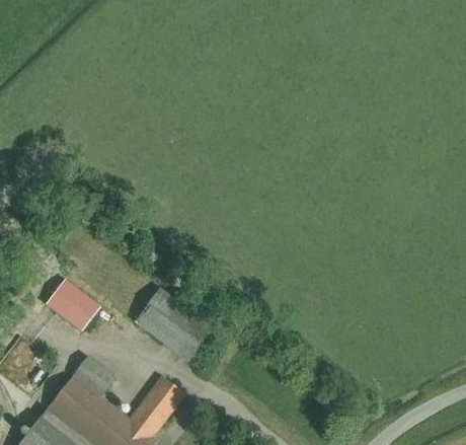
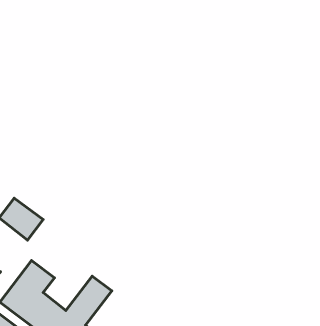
building: [134,289,212,363] -> none

